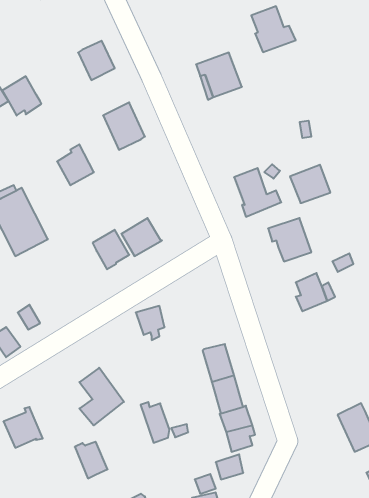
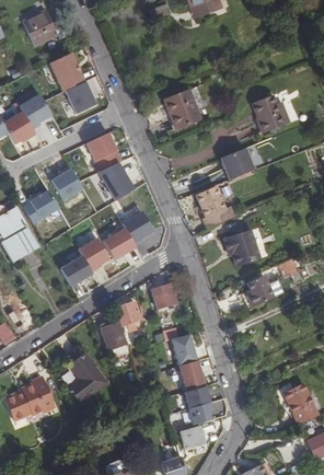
building: [251,6,296,52] -> [253,93,290,131]
building: none -> [49,53,85,92]
building: none -> [19,93,51,126]
building: none -> [99,163,131,202]
building: [290,165,330,203] -> [220,147,254,178]
building: none -> [22,189,59,224]
building: none -> [122,212,153,247]
building: none -> [59,256,92,287]
building: none -> [151,283,177,309]
building: [141,402,169,443] -> [101,321,125,355]
building: [75,442,108,478] -> [25,382,53,413]

